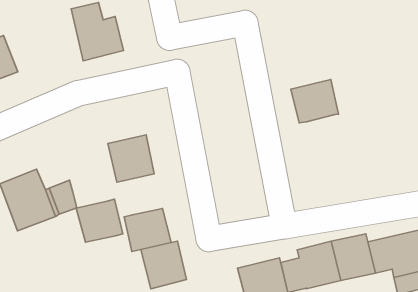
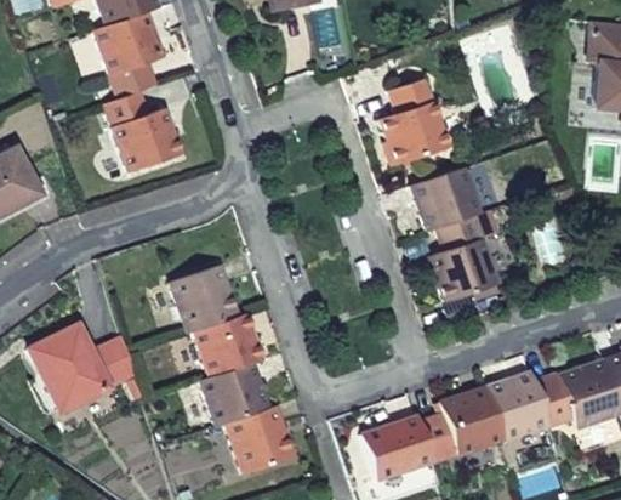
building: none -> [381,78,449,164]
building: none -> [431,214,498,302]
building: [76,199,123,242] -> [196,313,263,375]

